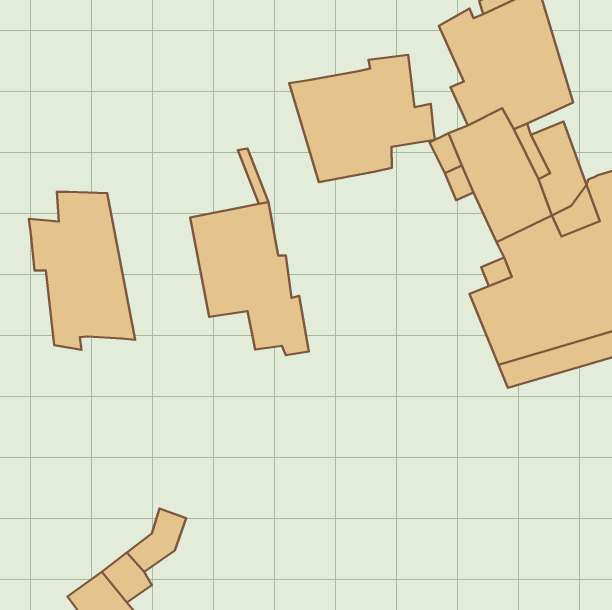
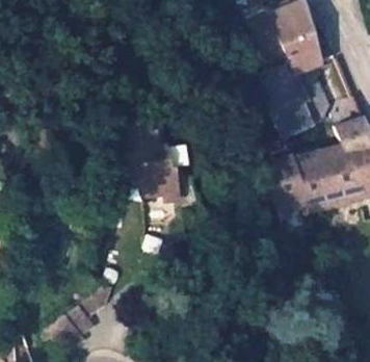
building: [289,55,435,182] -> none
building: [29,192,135,350] -> none

